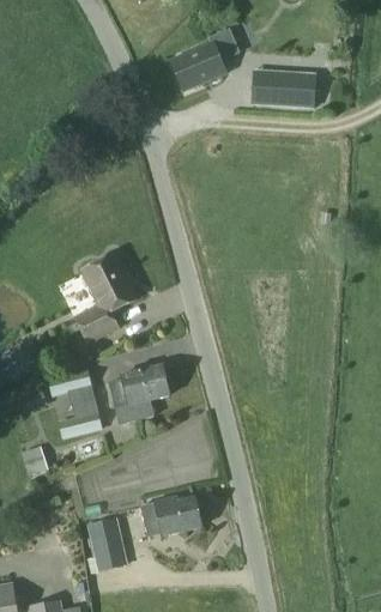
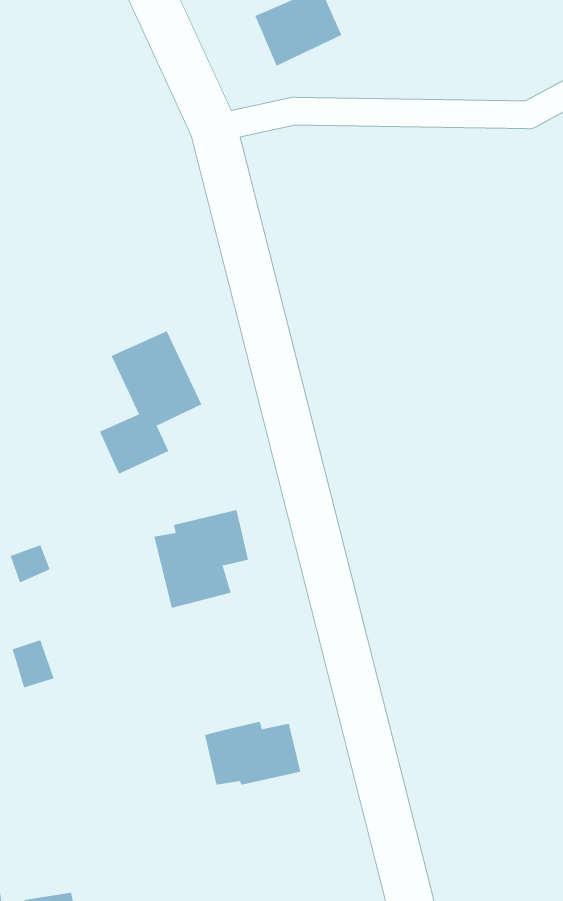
building: [249,69,316,108] -> none
building: [48,370,101,437] -> none
building: [86,516,127,570] -> none

